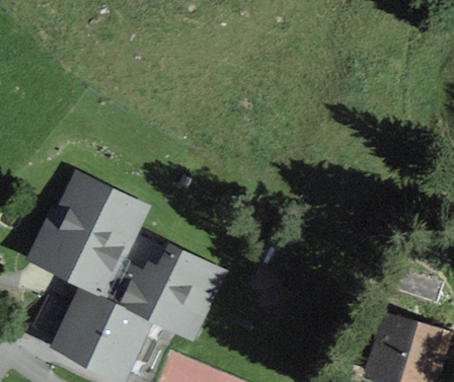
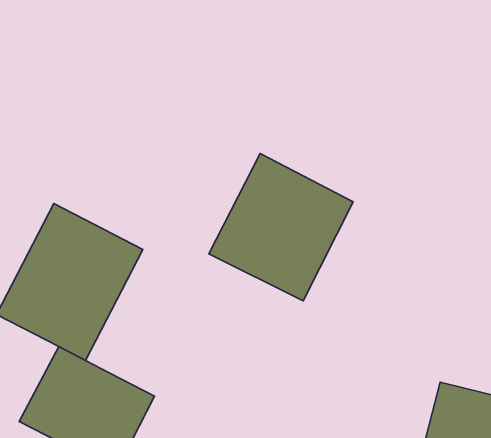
building: none -> [209,153,353,301]
building: [119,240,229,342] -> none

